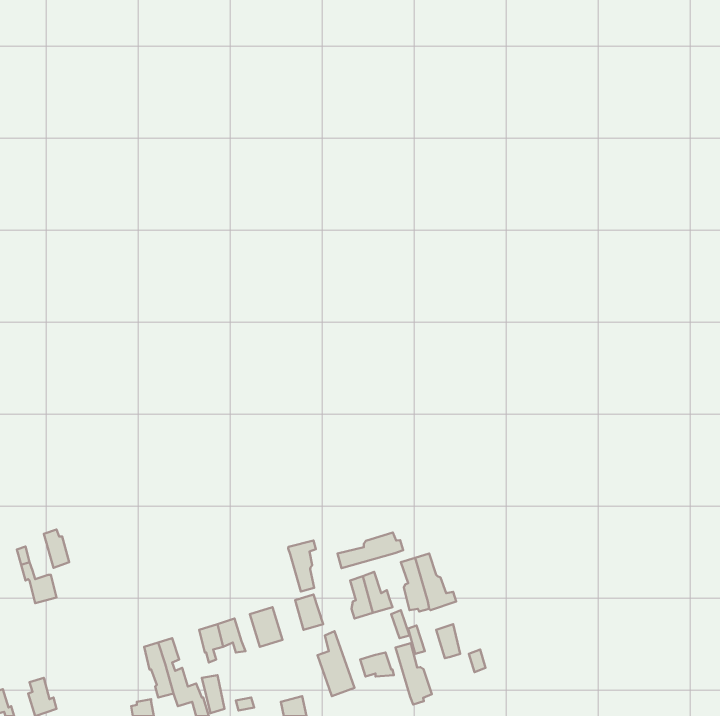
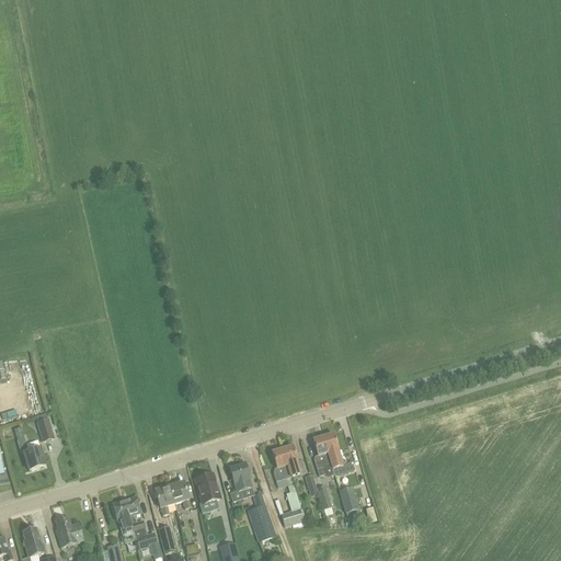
building: [338,532,403,568] -> none
building: [288,541,316,591] -> none
building: [396,643,432,705] -> none
building: none -> [55,515,82,546]

